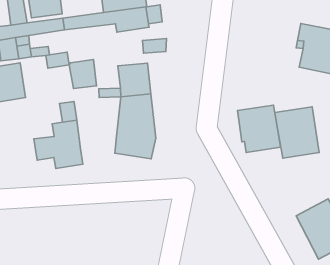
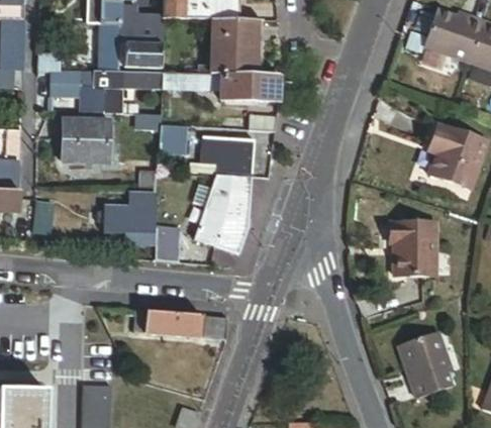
building: [237,105,280,152] -> none
building: none -> [158,228,182,263]
building: none -> [145,312,229,339]

